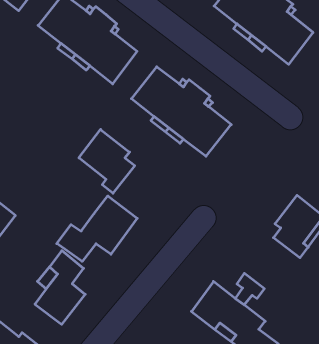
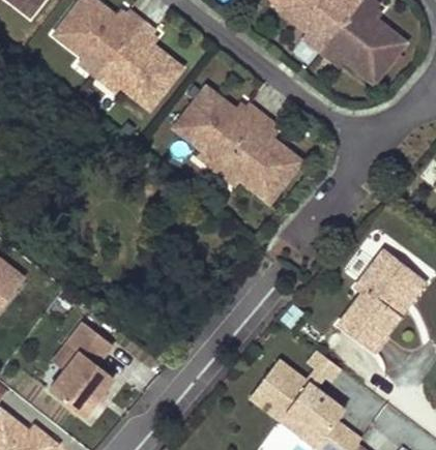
building: [79,129,135,193] -> none
building: [57,196,137,261] -> none
building: none -> [341,304,389,350]

